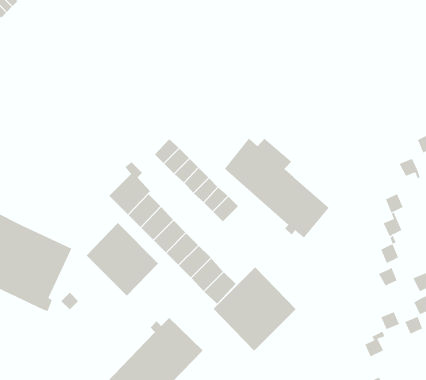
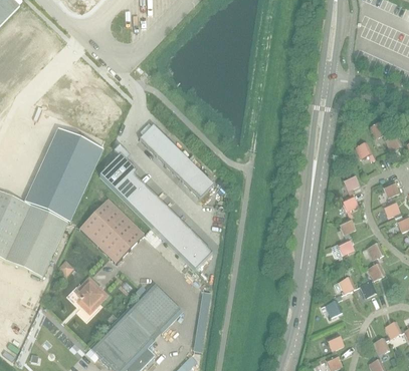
building: [224,138,329,239] -> none
building: none -> [24,129,103,222]
building: [213,266,297,352] -> none
building: none -> [76,276,109,313]

